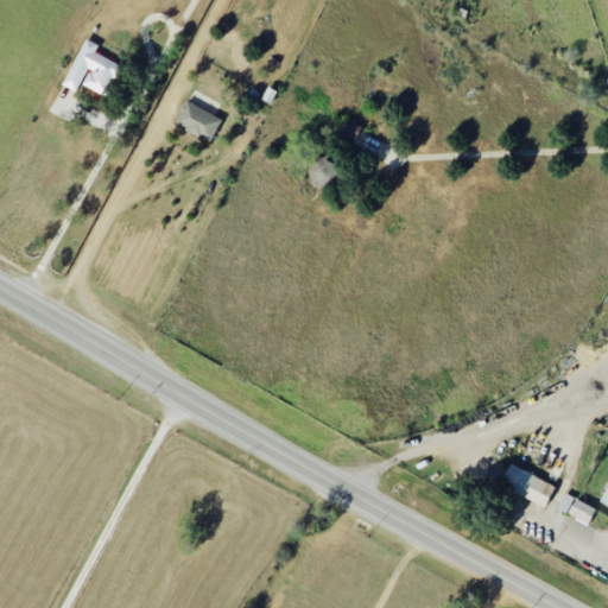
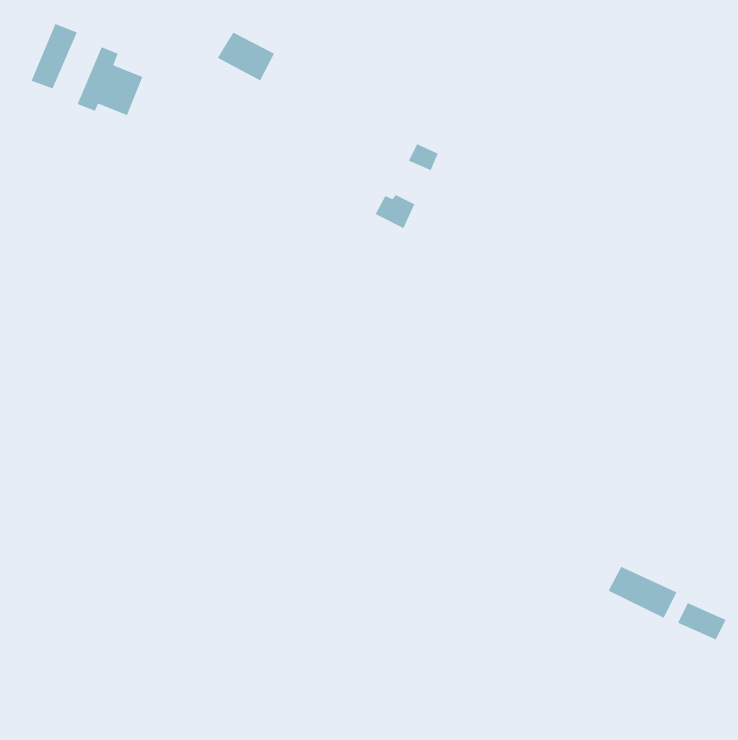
building: none -> [31,23,78,89]
building: [175,101,222,141] -> [217,32,275,81]

